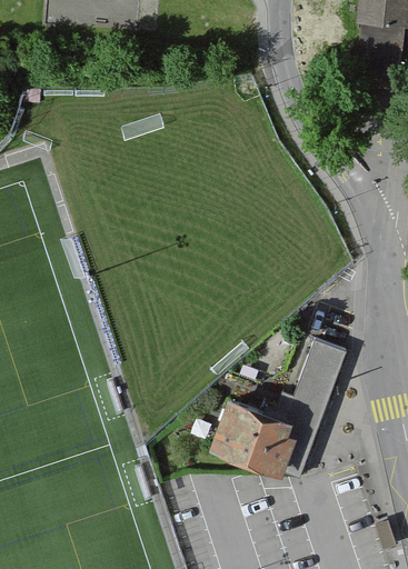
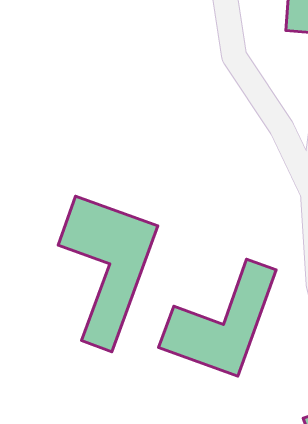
building: none -> [58,196,158,352]

